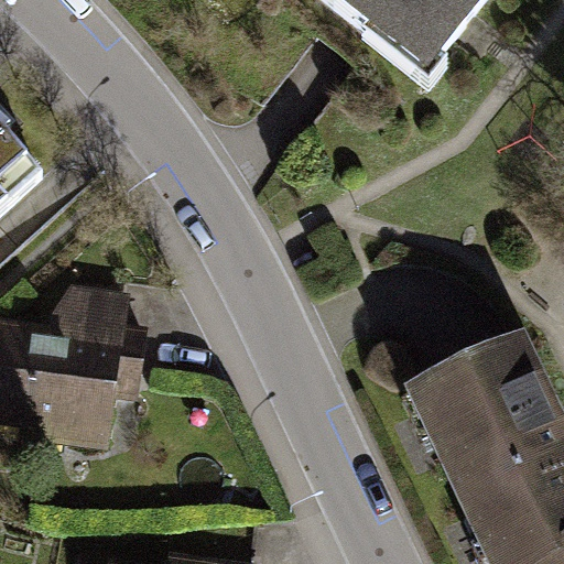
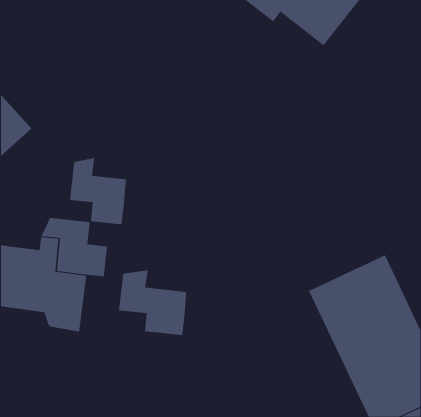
building: none -> [69,157,126,225]
building: none -> [118,270,187,336]

